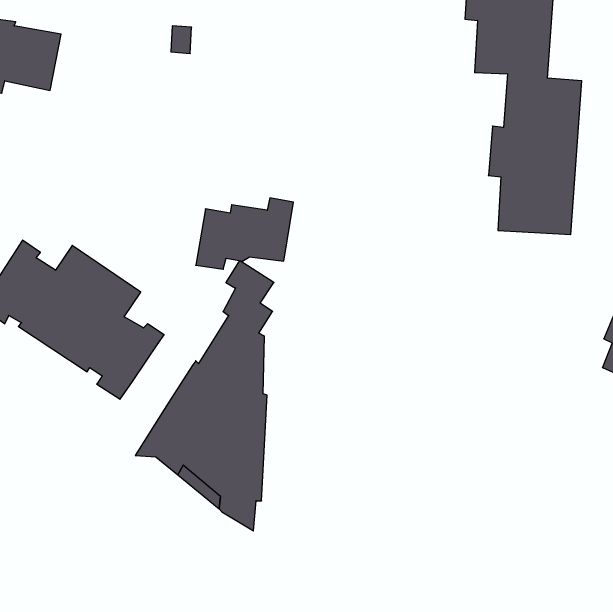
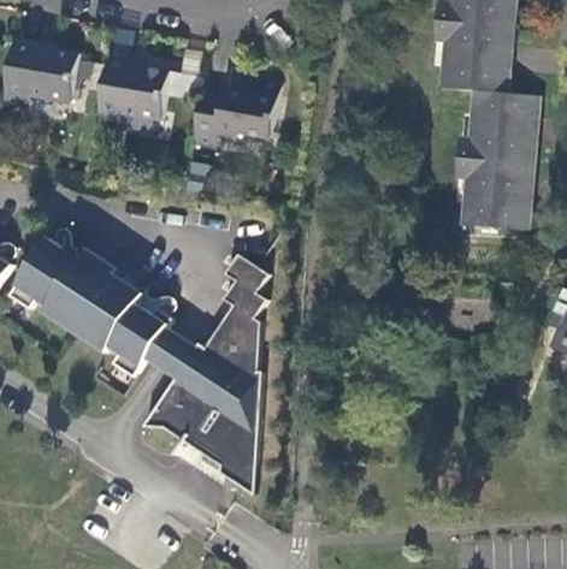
building: none -> [100,59,171,123]
building: [196,198,293,269] -> [194,83,279,146]
building: none -> [144,326,197,379]

